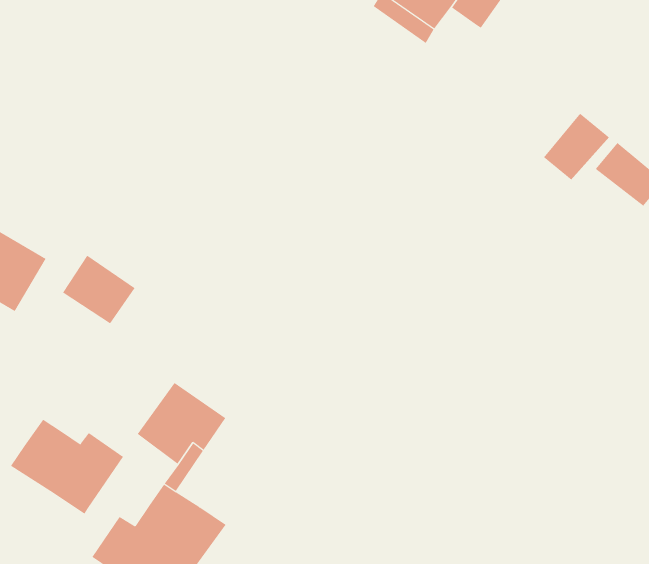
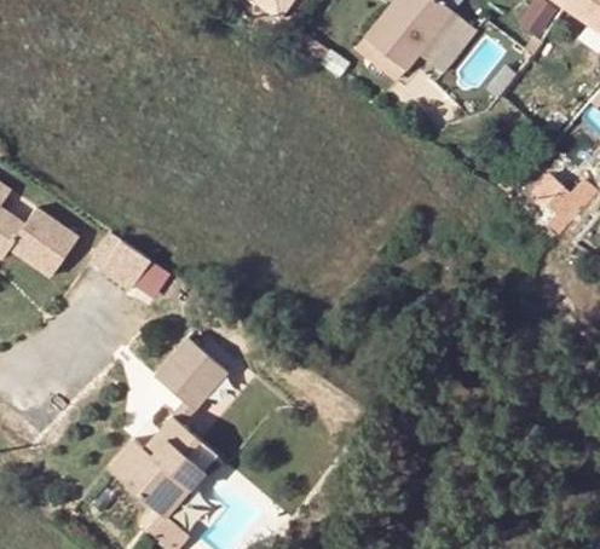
building: [543,113,610,180] -> none
building: [10,419,124,514] -> none

